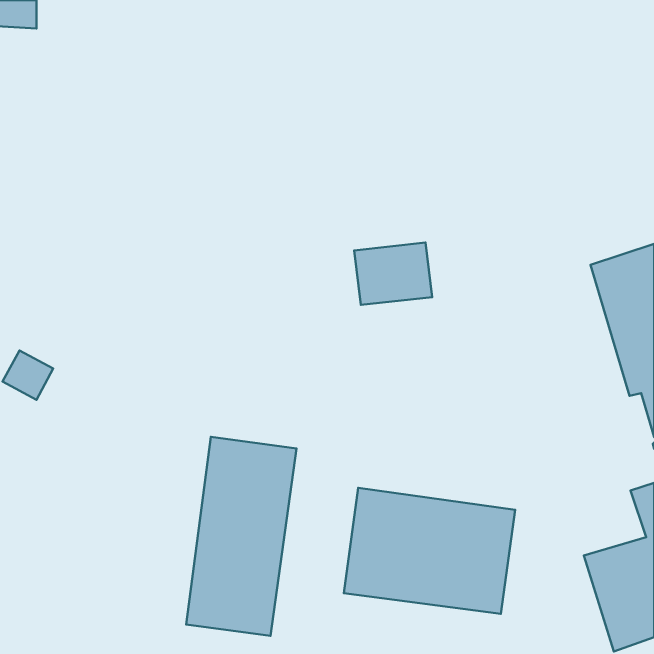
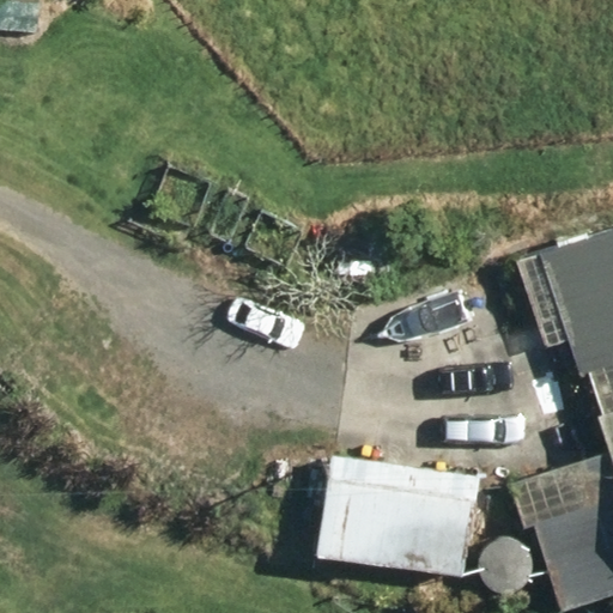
building: [186,437,296,636] -> none

